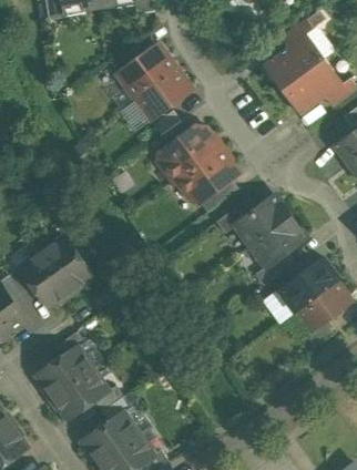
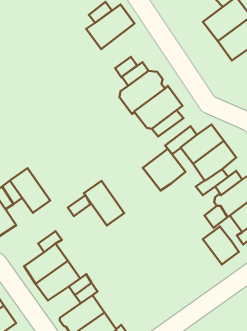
building: [135,68,194,121] -> none
building: none -> [143,149,185,191]
building: [42,235,93,292] -> [84,181,124,226]
building: none -> [203,227,239,265]

